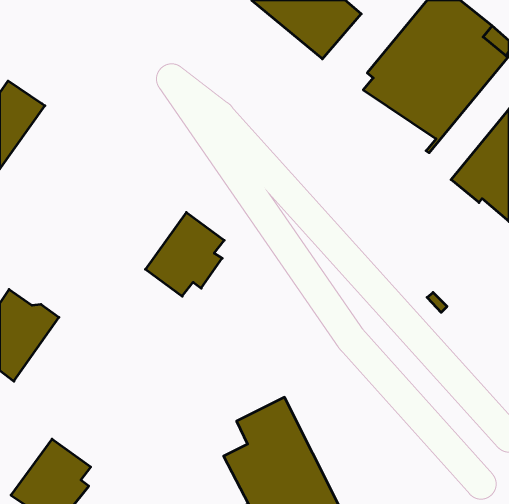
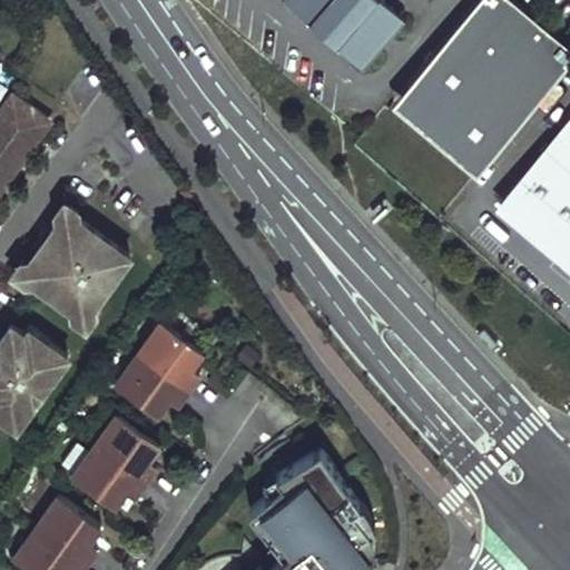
building: none -> [394,88,487,175]
building: none -> [26,220,128,317]
building: [145,212,224,296] -> [115,325,203,419]
building: none -> [70,415,160,511]

